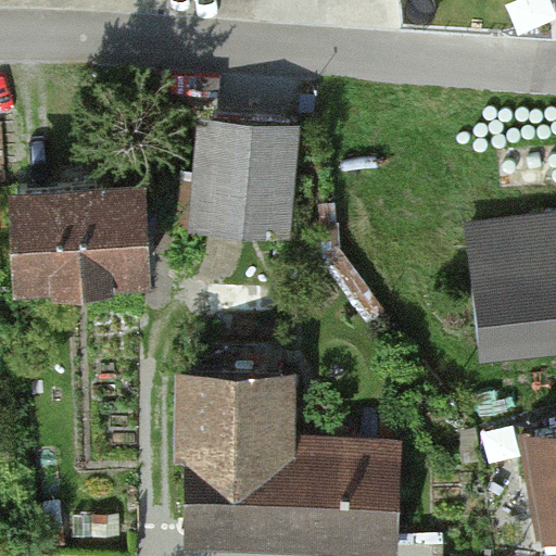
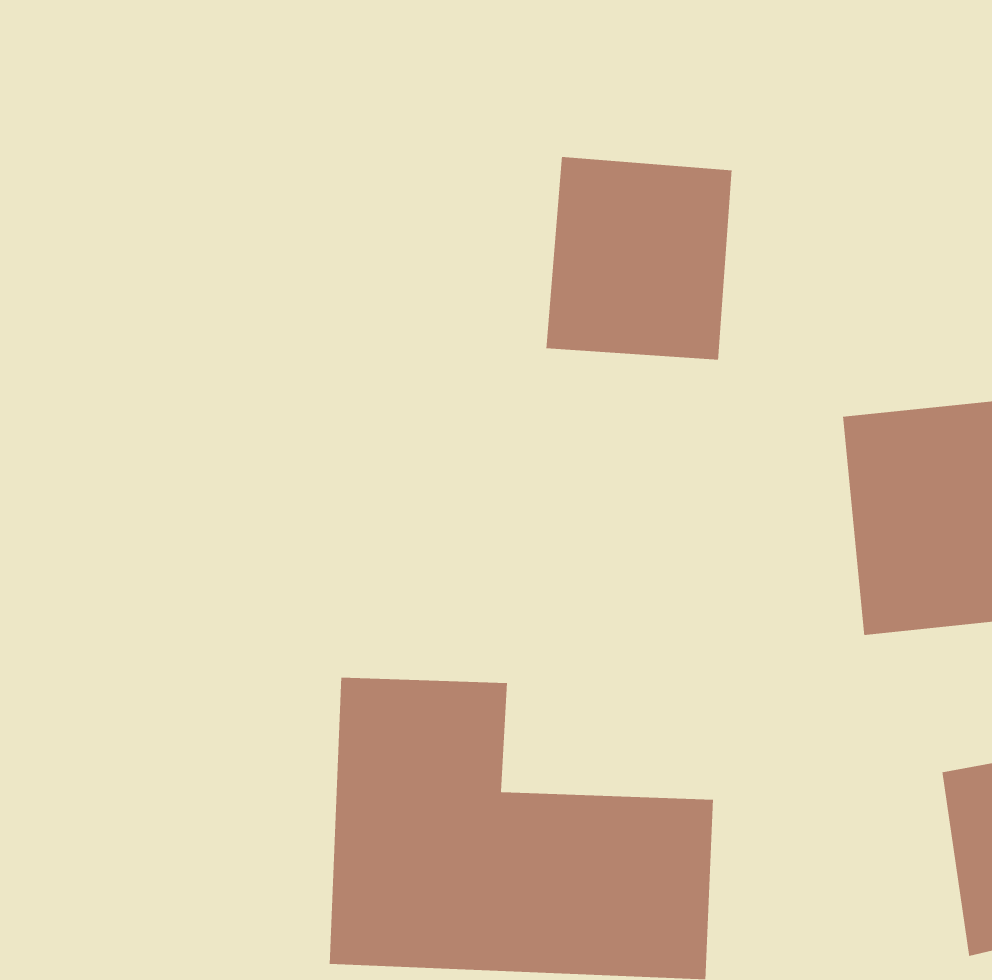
building: [192,124,296,238] -> [546,156,732,360]
building: [5,184,141,288] -> none

